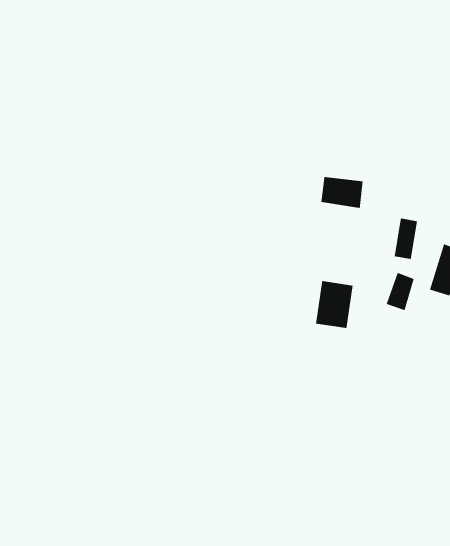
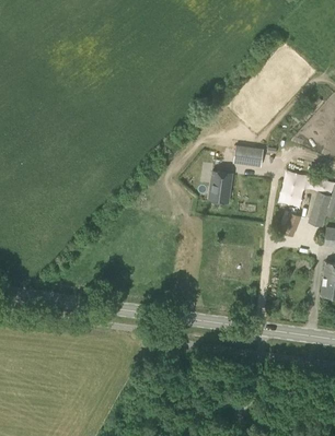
building: [315,281,353,329] -> [206,170,232,203]

